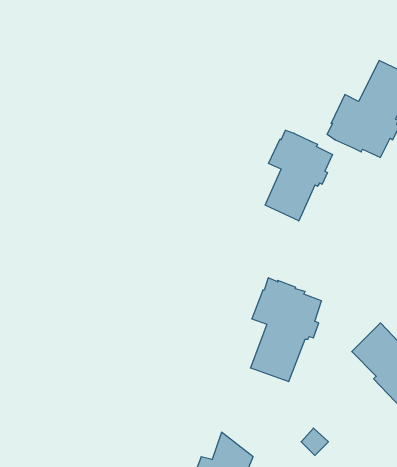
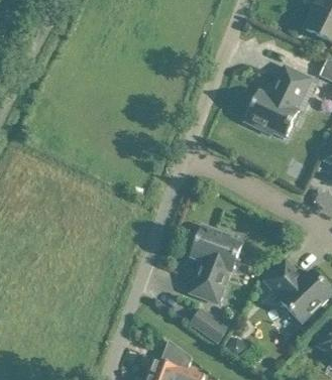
building: [265,130,332,221] -> none
building: none -> [191,312,228,343]

